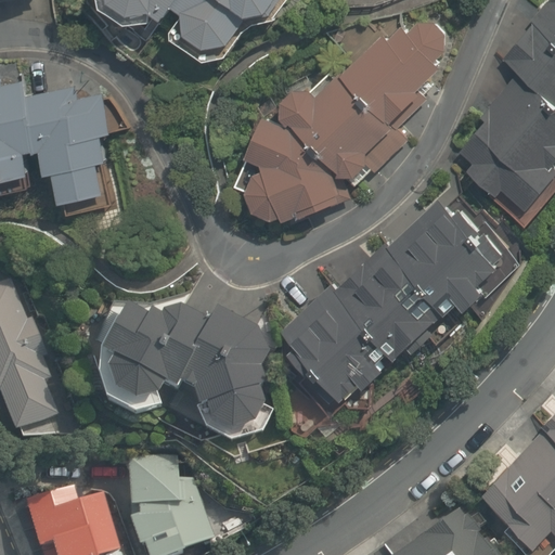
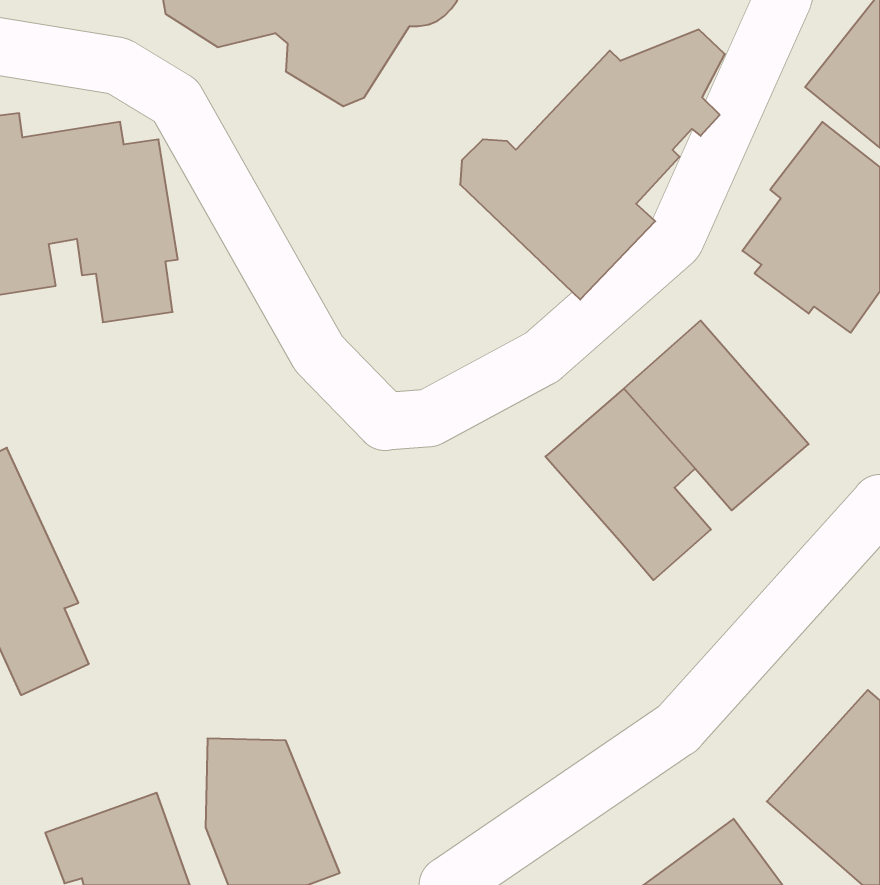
building: [251,117,341,218] -> none
building: [284,284,391,402] -> none
building: [105,305,262,437] -> none

